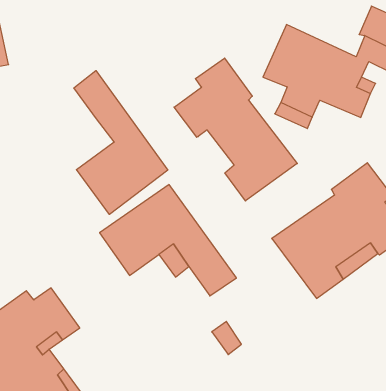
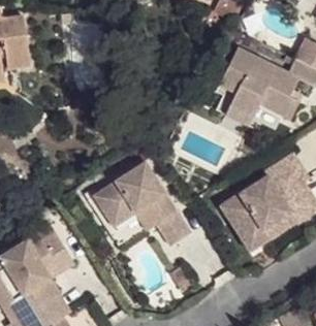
building: [174,58,297,201] -> none
building: [74,71,168,214] -> none

